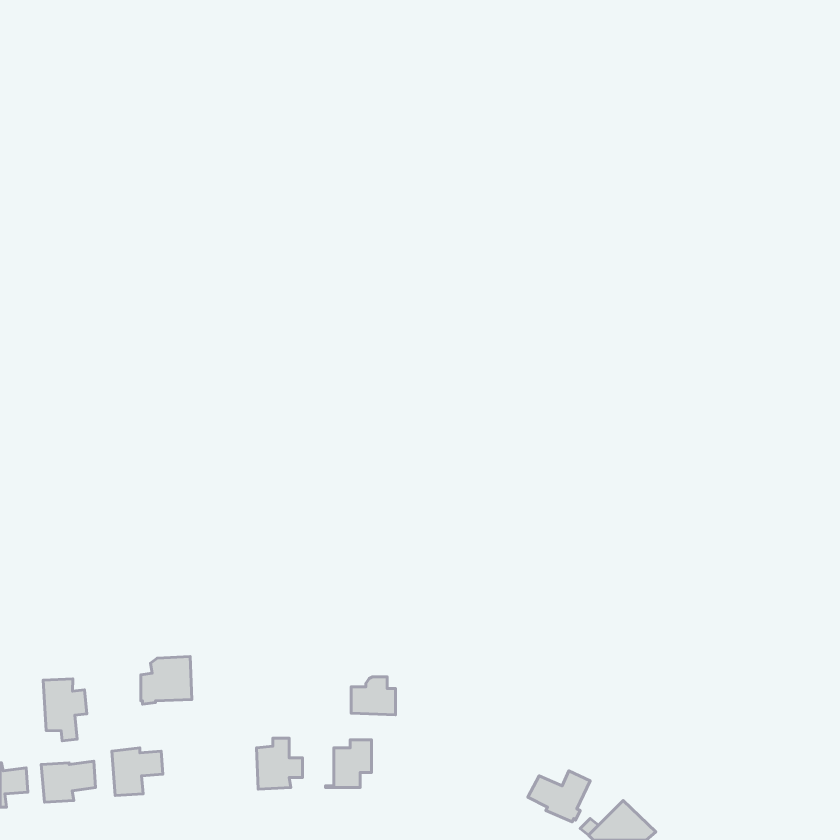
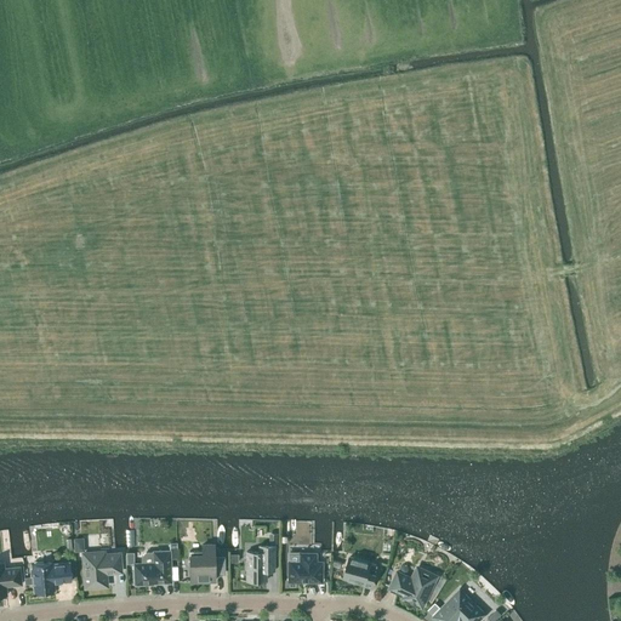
building: [141,657,192,704] -> [133,551,171,586]
building: [351,677,395,715] -> [289,554,321,582]
building: [43,679,87,741] -> none
building: none -> [343,556,377,586]

